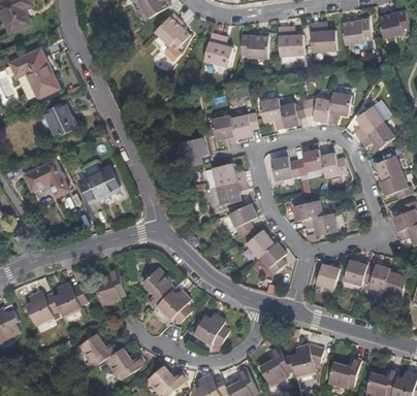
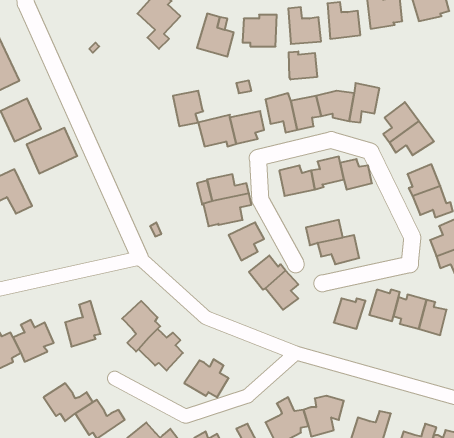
building: none -> [289,51,317,80]
building: [188,137,213,166] -> [173,91,203,126]
building: [78,166,120,203] -> [27,128,77,174]

